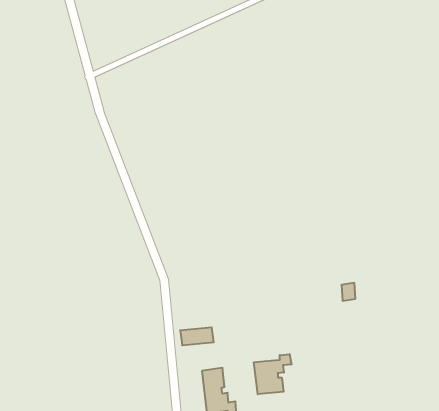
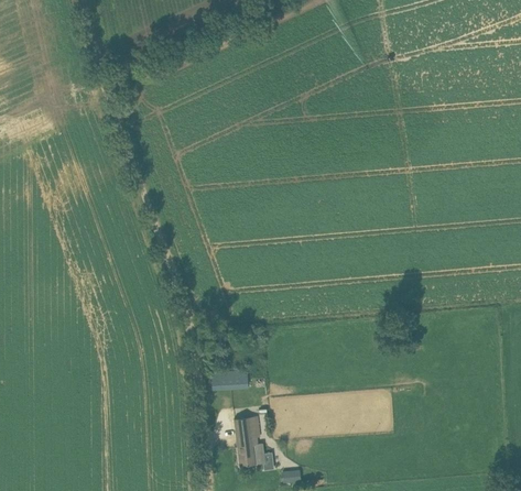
building: [254,354,292,394] -> none

